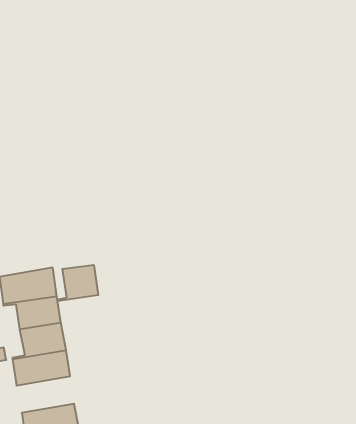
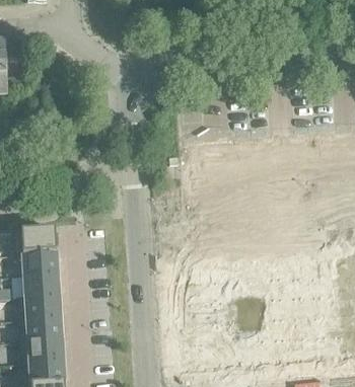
building: [57,265,98,301] -> none
building: none -> [17,317,62,342]

